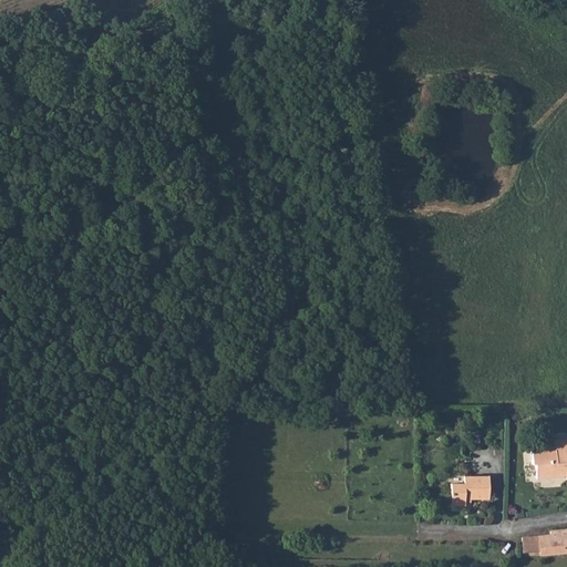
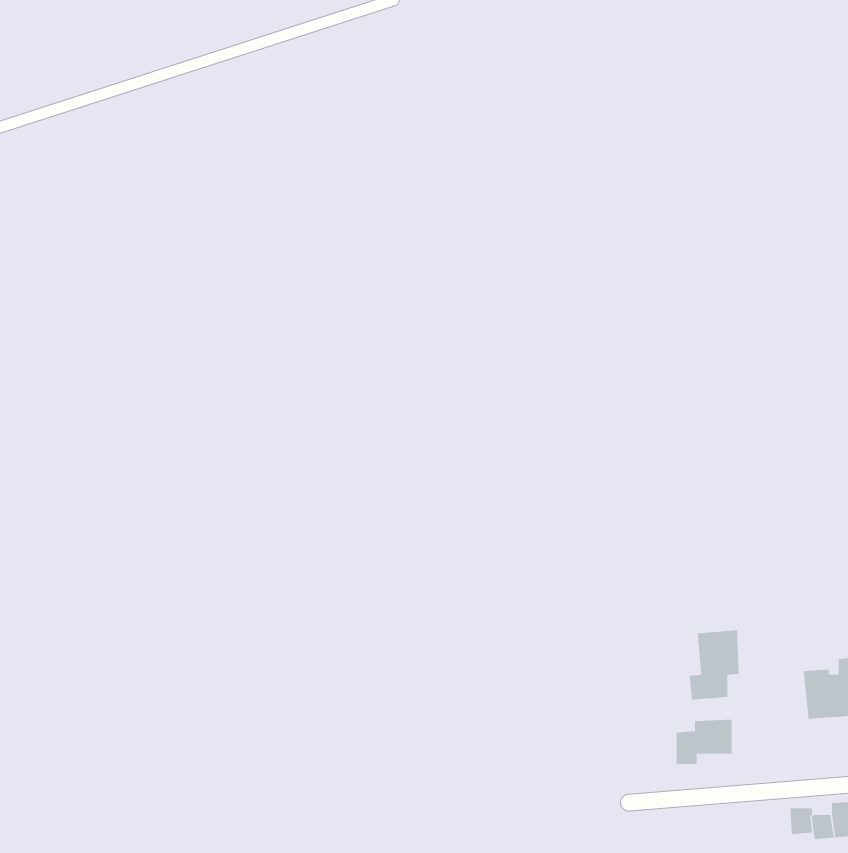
building: none -> [689,629,739,701]

